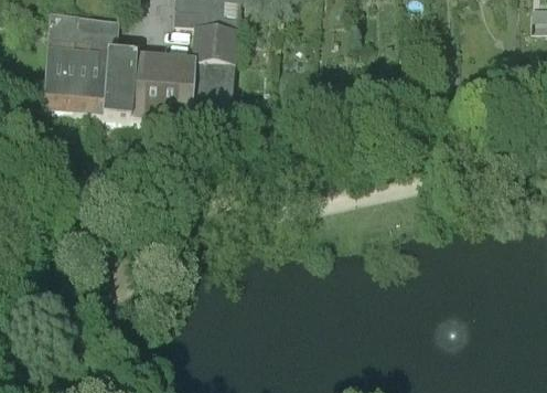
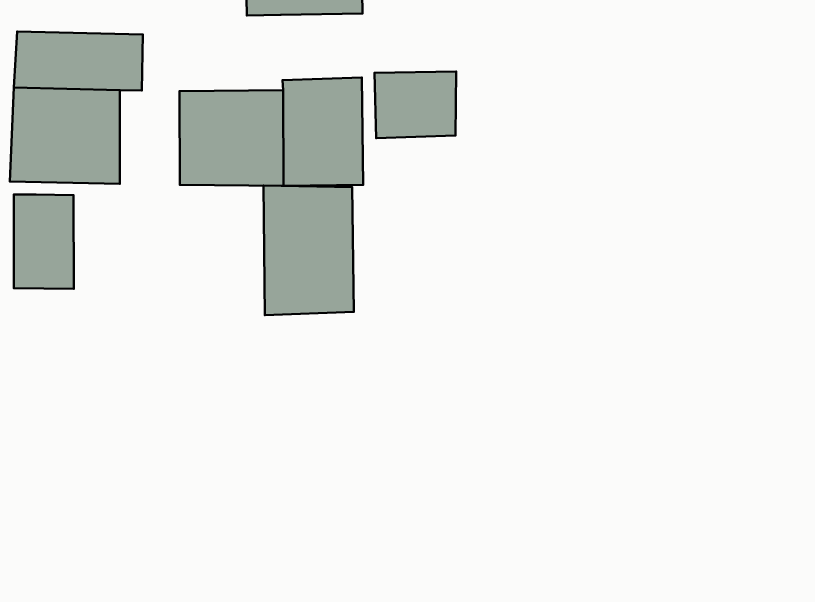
building: [192,25,239,64] -> [374,72,456,138]
building: [97,60,135,115] -> [14,194,74,289]
building: none -> [263,186,354,315]

